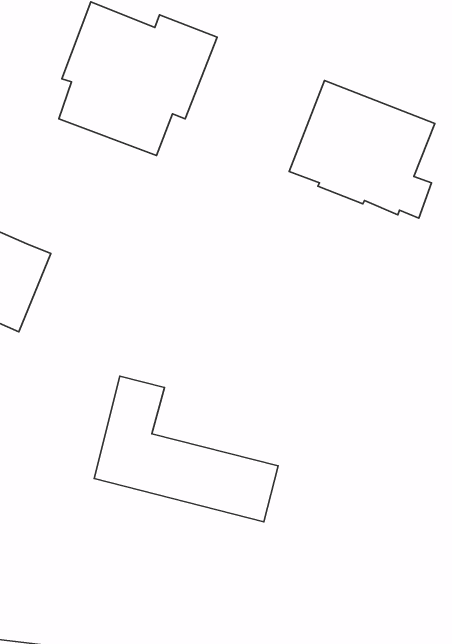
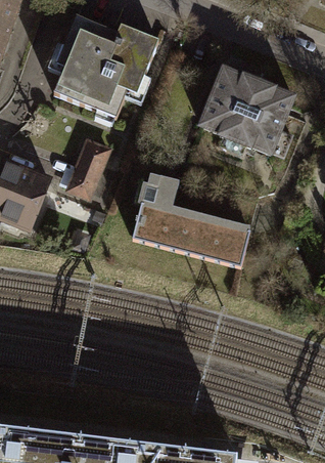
building: none -> [69,140,108,195]
building: [94,376,278,522] -> [133,172,250,265]

